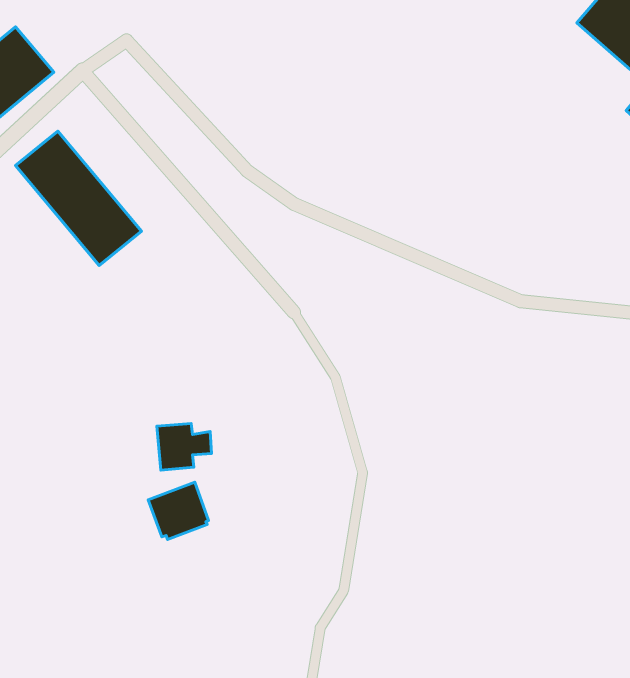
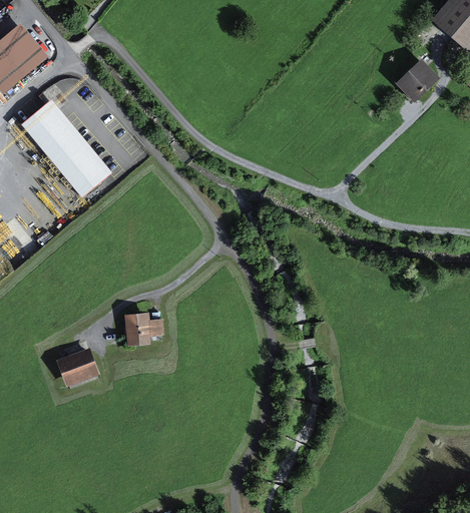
building: none -> [395,58,439,103]
building: [148,482,209,540] -> [55,347,99,389]

